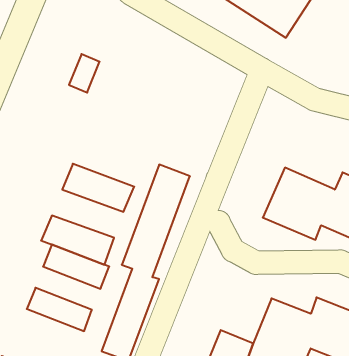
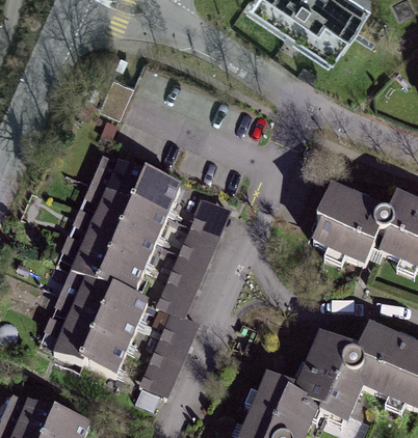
building: none -> [105,161,182,214]
building: none -> [82,217,160,269]
building: none -> [64,300,135,347]

